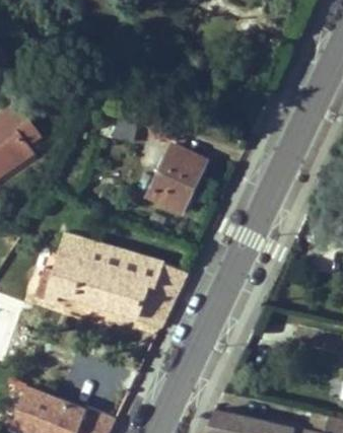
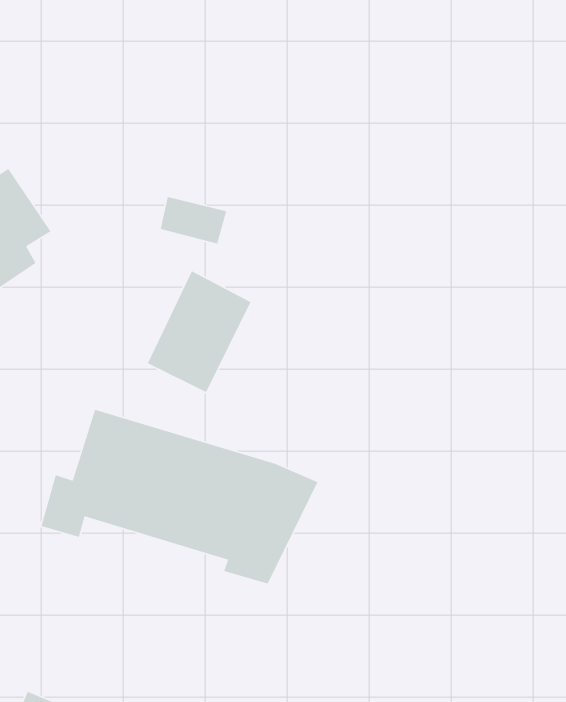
building: [148,144,205,211] -> [147,270,251,393]

